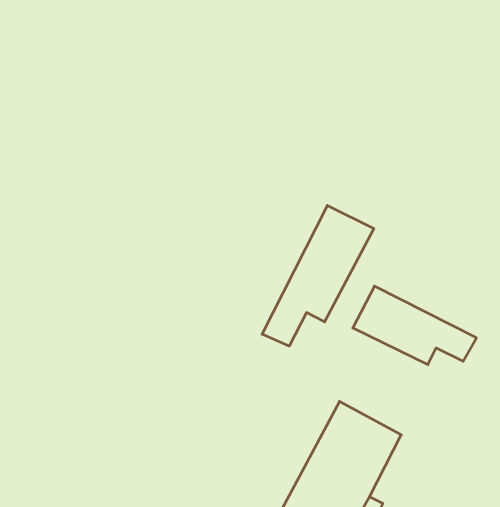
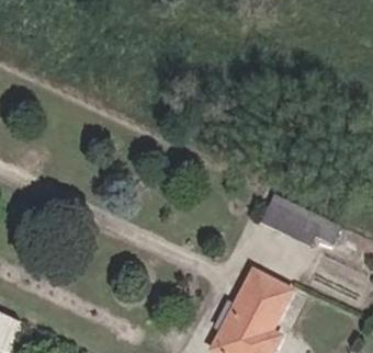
building: [262,205,374,346] -> none

